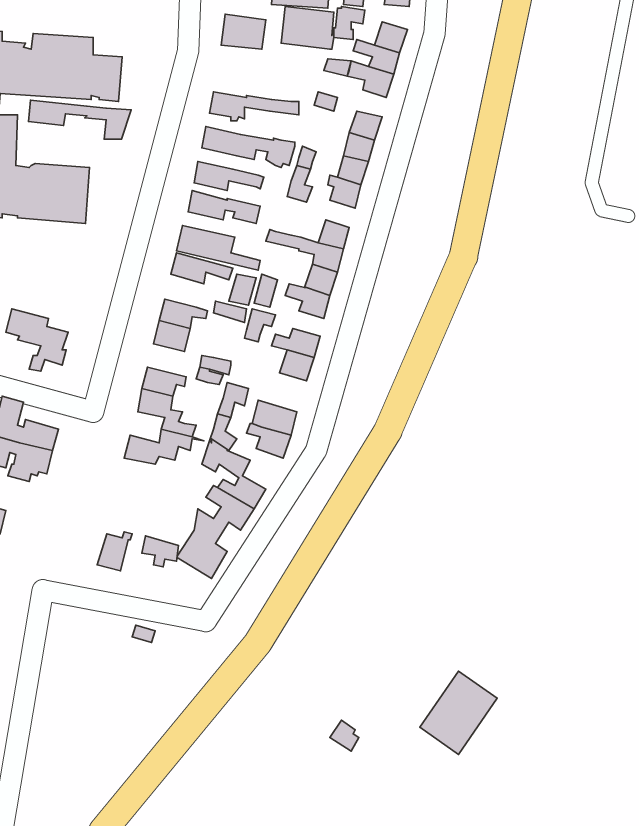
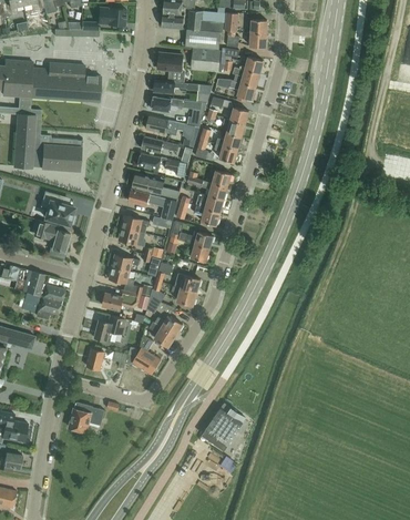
building: [29,100,131,139] -> [154,80,213,102]
building: none -> [40,191,74,225]
building: none -> [94,315,126,341]
building: none -> [69,402,104,432]
building: [420,671,497,754] -> [202,402,246,450]

